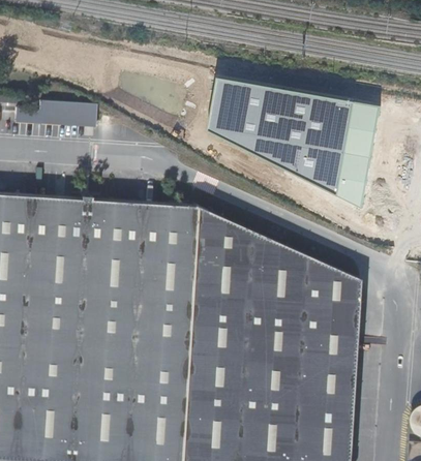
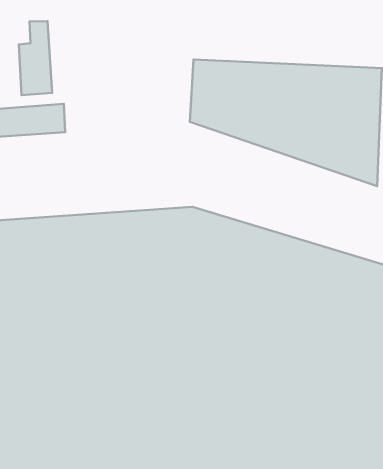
building: none -> [19,21,52,95]

